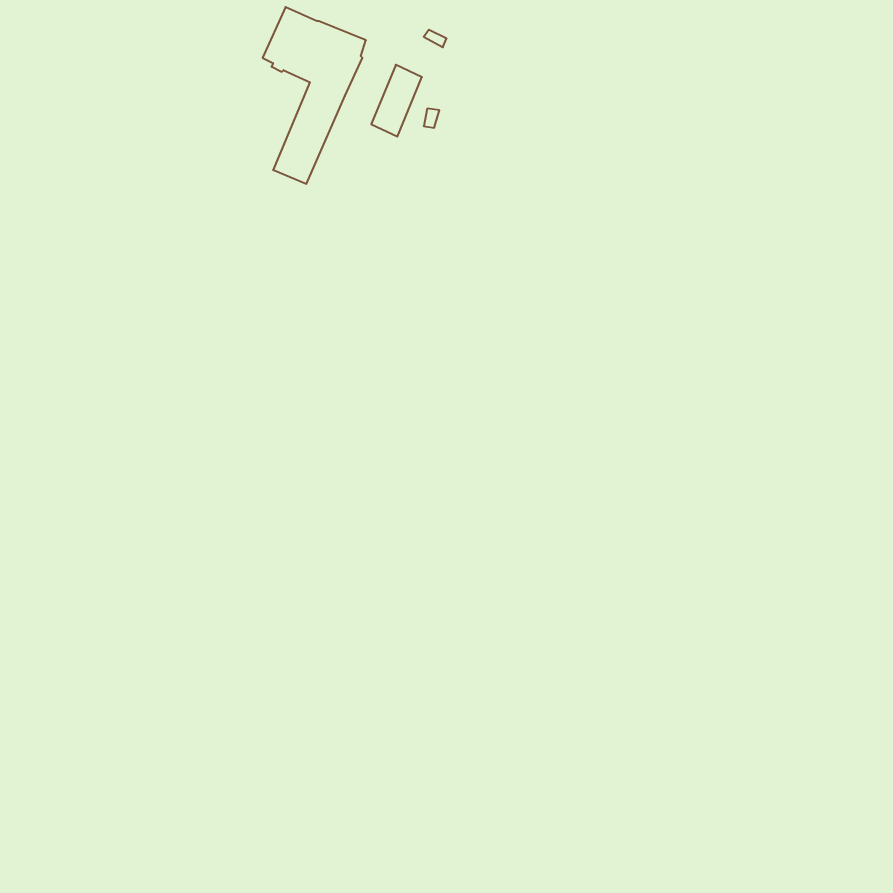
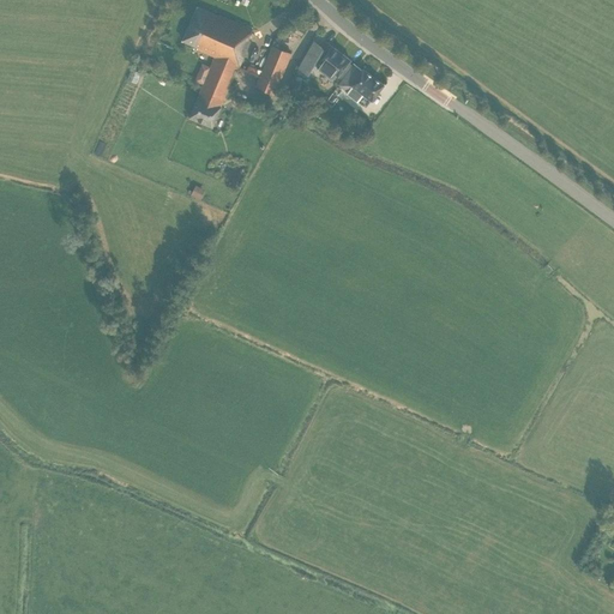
building: none -> [296,41,349,74]
building: none -> [331,62,383,100]

